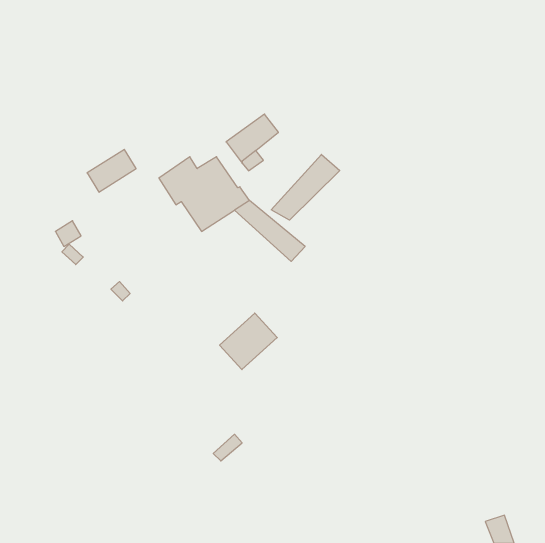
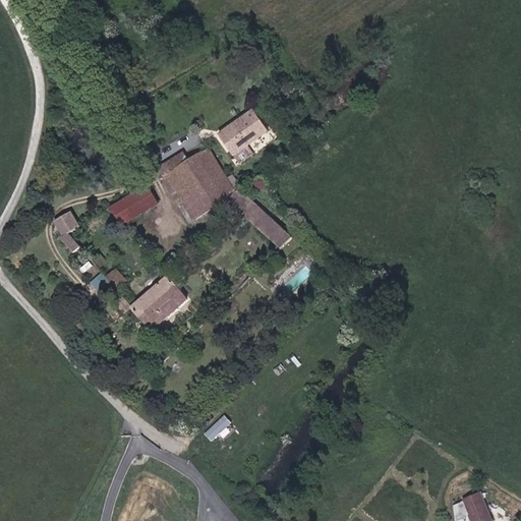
building: [87,149,136,192] -> [109,185,156,226]
building: [271,154,340,220] -> none
building: [220,313,277,370] -> [130,277,185,331]

